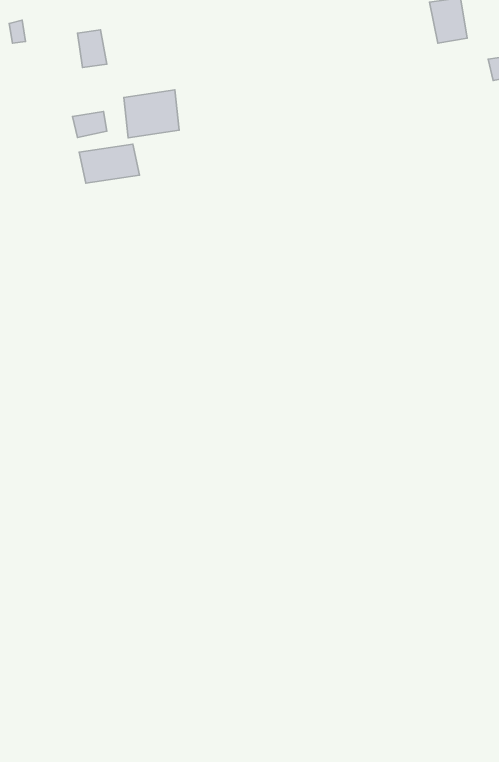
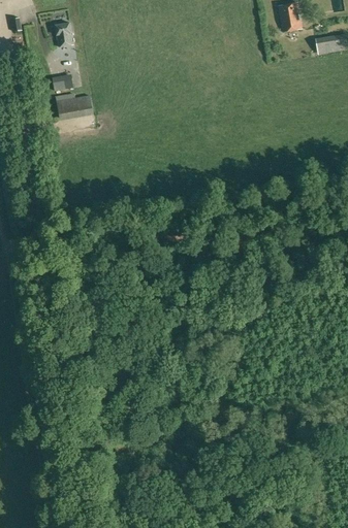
building: [124,90,179,138] -> none

